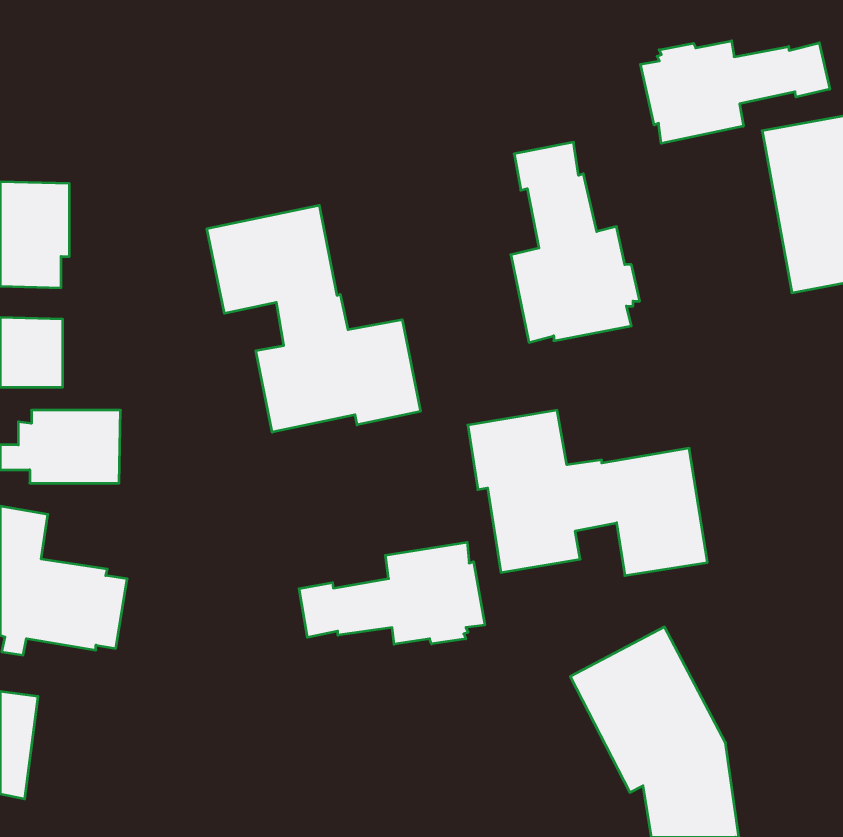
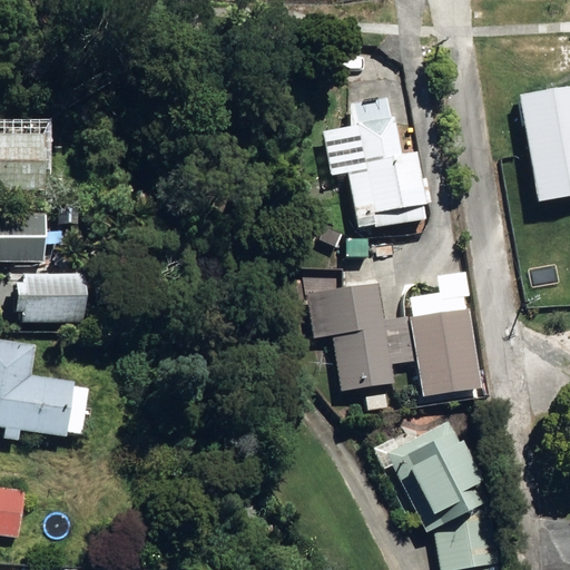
building: [640,41,830,143] -> none
building: [207,205,420,432] -> none
building: [299,542,485,644] -> none

